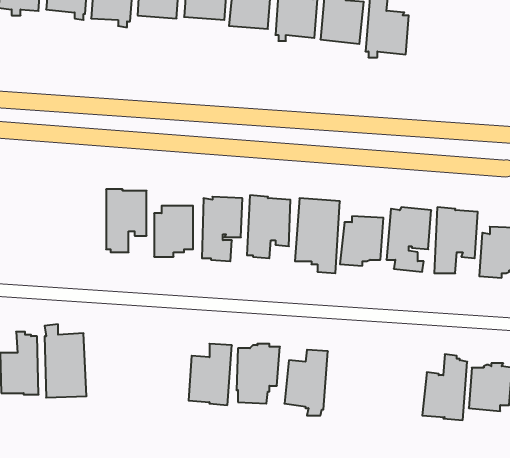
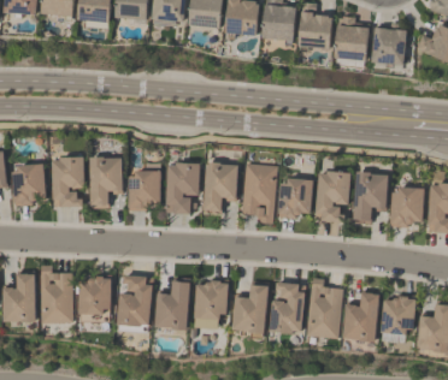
building: none -> [335,16,367,59]
building: none -> [371,23,406,64]
building: none -> [51,155,83,207]
building: none -> [11,164,45,206]
building: none -> [117,274,153,326]
building: none -> [78,275,111,314]
building: none -> [307,278,342,338]
building: none -> [270,281,306,333]

